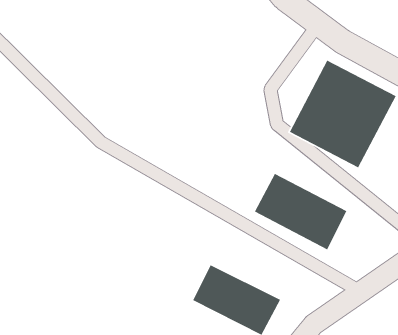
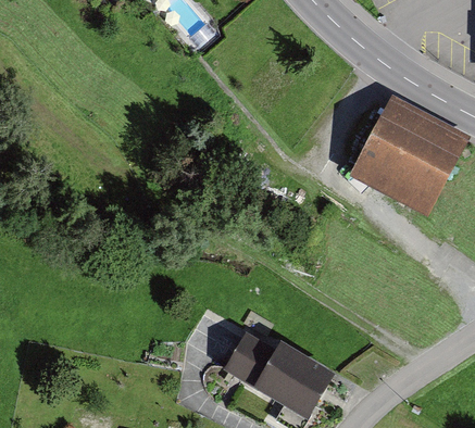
building: [254,173,347,250] -> none

